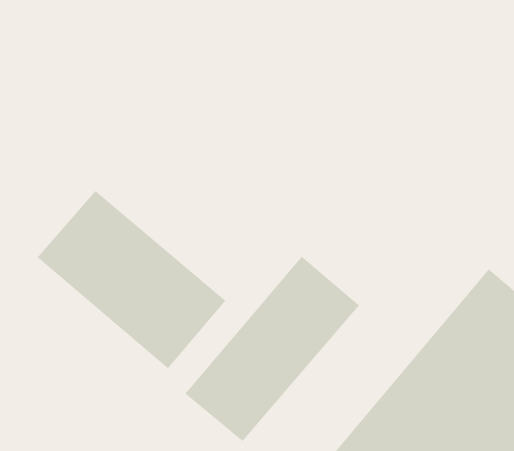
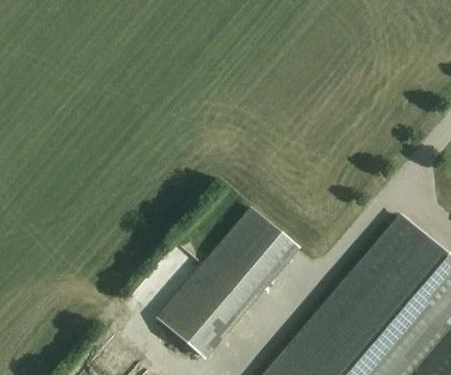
building: [37,190,226,369] -> none

